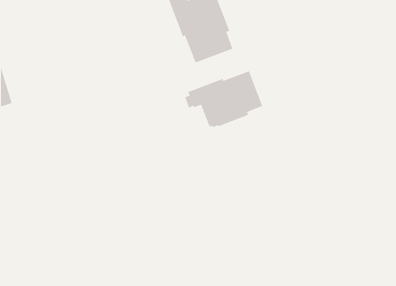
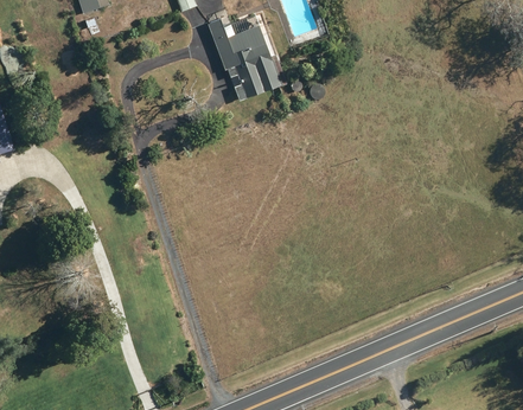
building: [184,70,263,128] -> none

